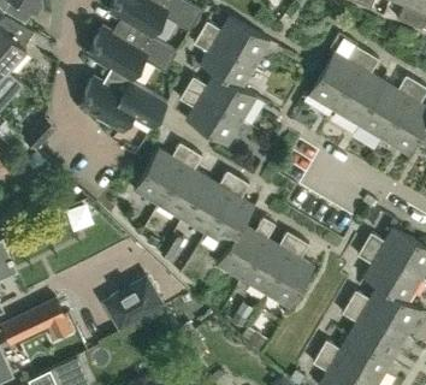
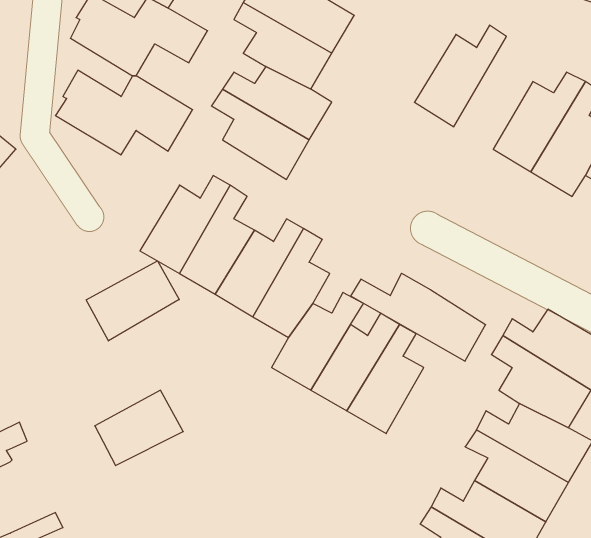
building: [335,54,385,126] -> none
building: none -> [86,261,179,341]
building: none -> [351,273,486,361]

